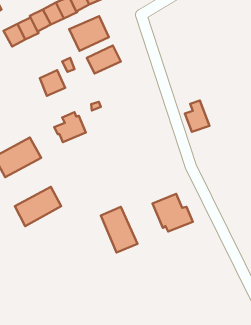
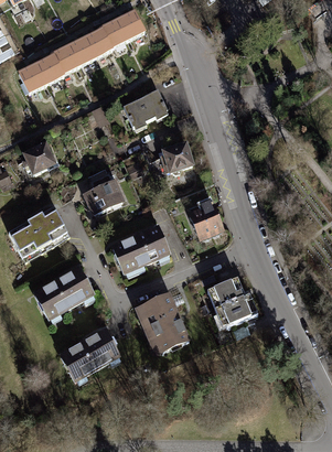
building: [69,16,109,51] -> none
building: [40,70,65,96] -> [23,142,55,174]
building: none -> [156,144,193,174]
building: [185,100,209,132] -> [191,197,222,237]
building: none -> [111,227,168,272]
building: none -> [58,330,118,379]

